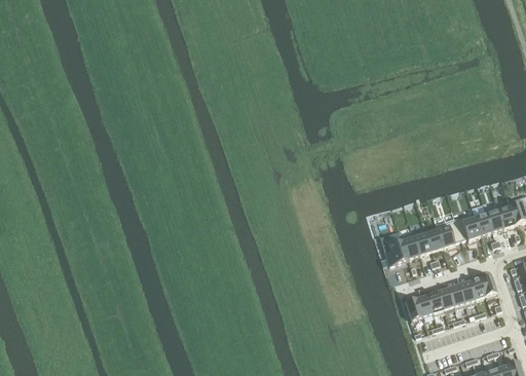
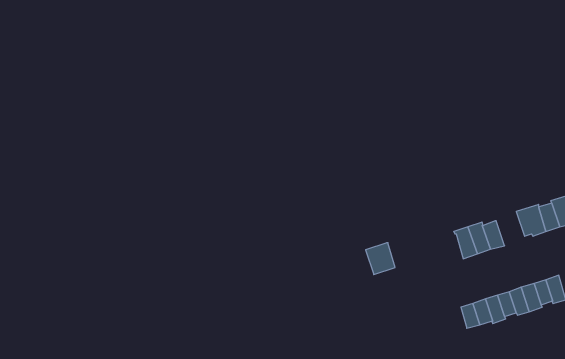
building: [433,218,458,248] -> none
building: [379,237,405,265] -> [366,243,395,275]

